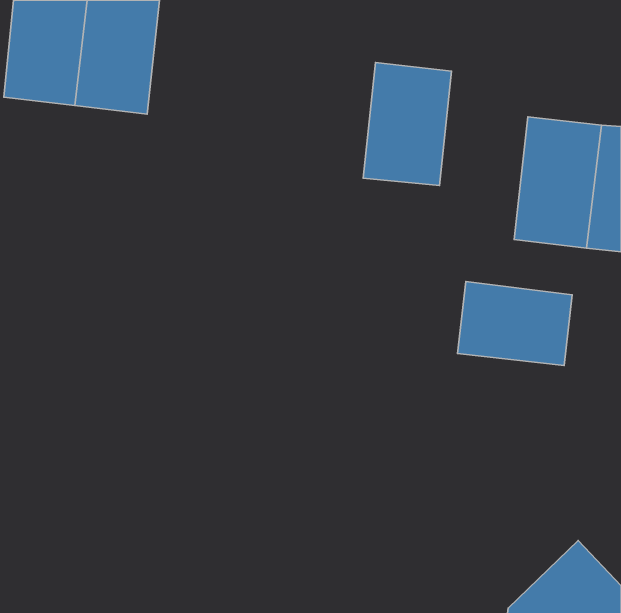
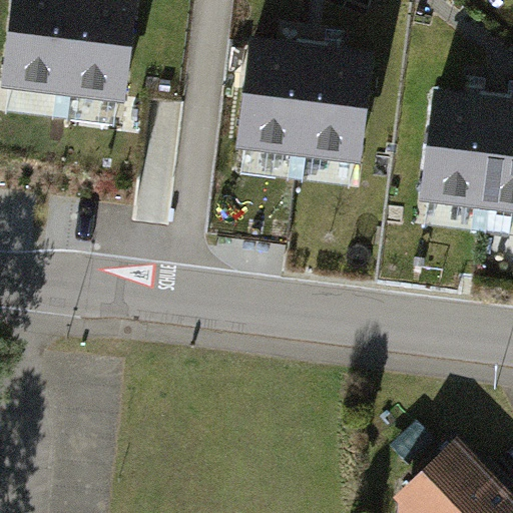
building: none -> [236,56,307,157]
building: [458,282,572,365] -> none

